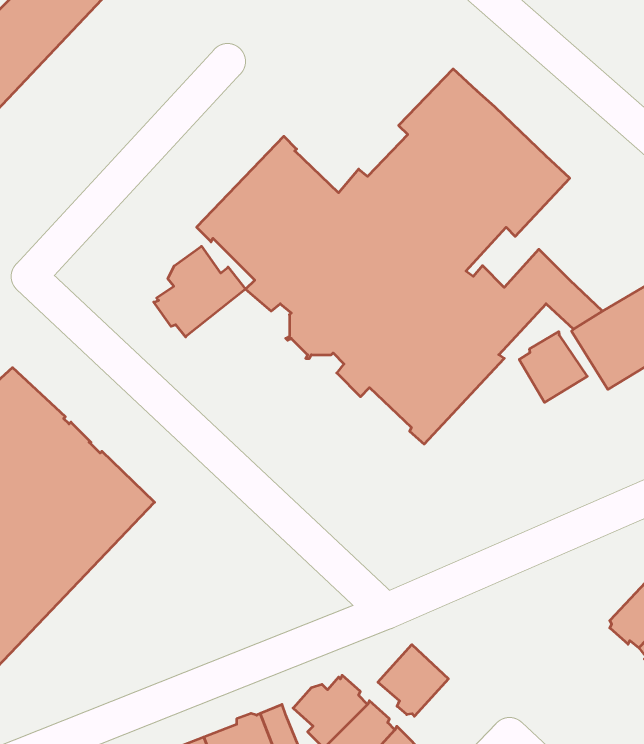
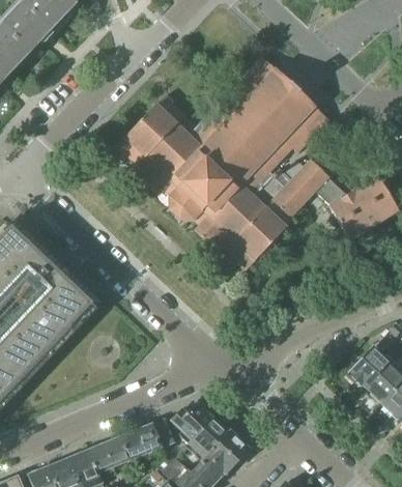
building: [154,246,246,337] -> none
building: [519,332,587,402] -> none
building: [378,645,448,716] -> none

